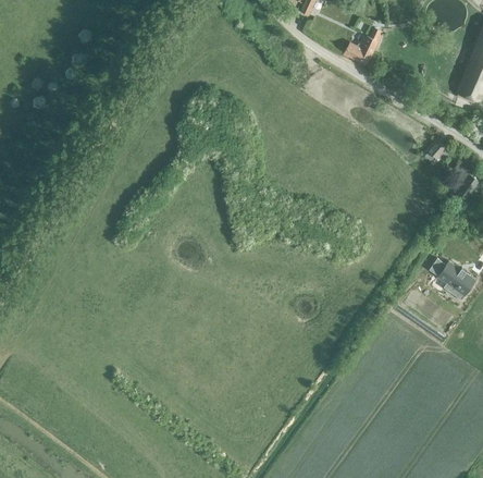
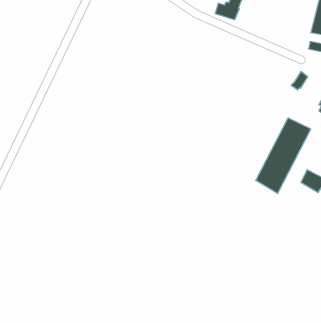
building: none -> [256,118,311,194]

